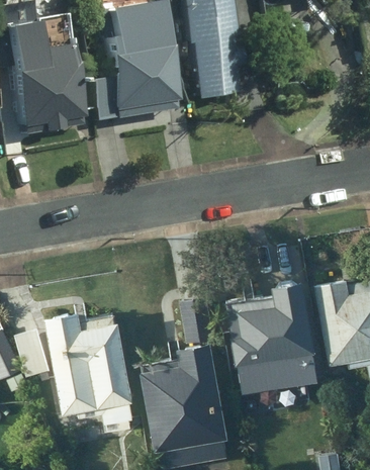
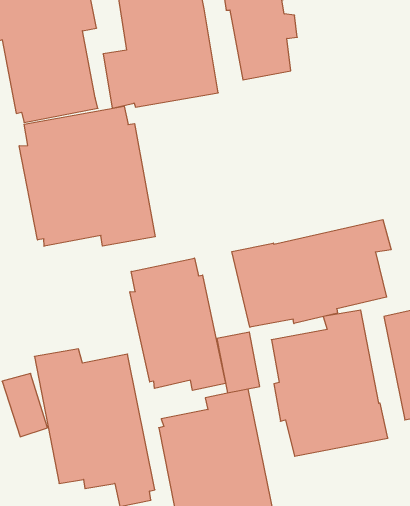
building: none -> [19,106,155,246]
building: none -> [232,220,391,327]
building: none -> [130,258,226,390]

